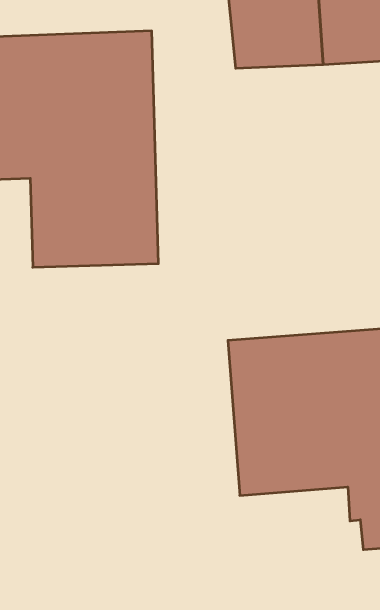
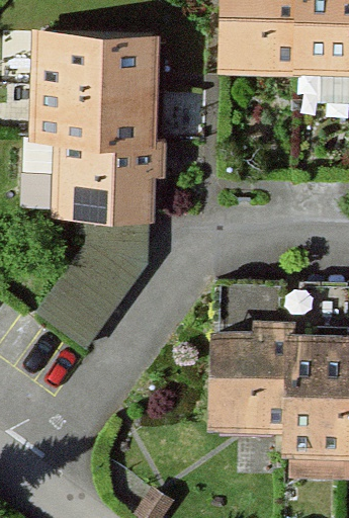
building: none -> [41,247,137,350]

